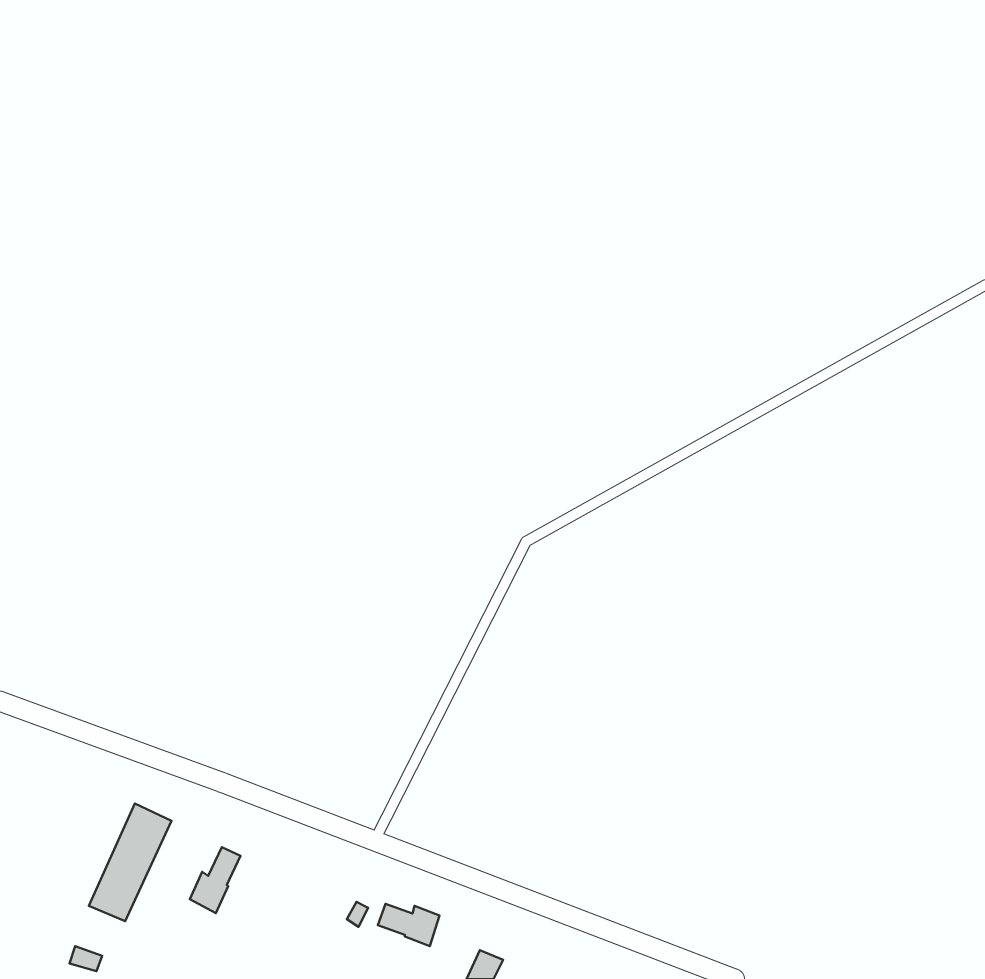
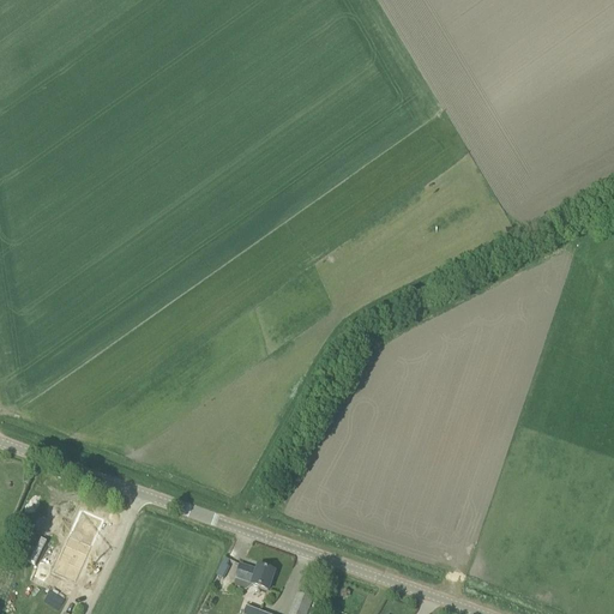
building: [190,847,241,913] -> none

